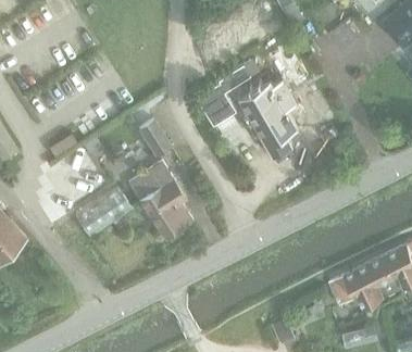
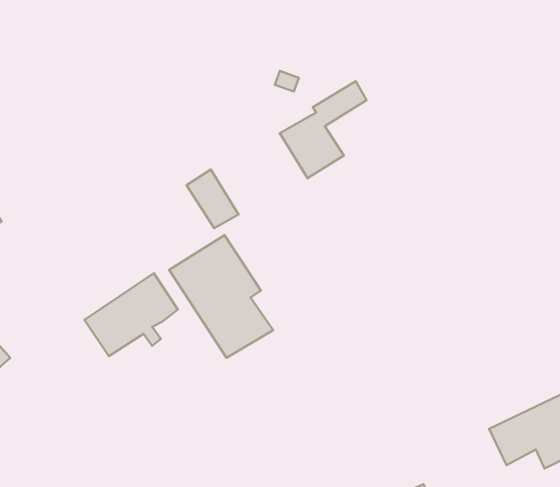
building: [238,49,304,155] -> none

